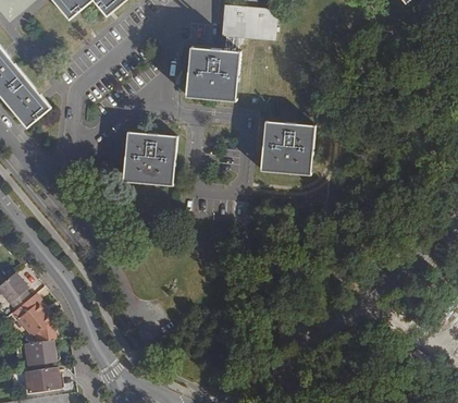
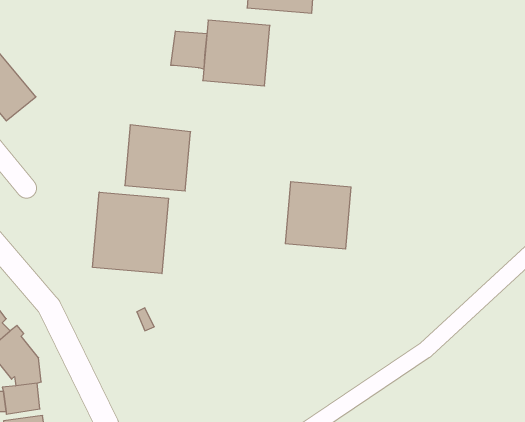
building: none -> [171,31,207,69]
building: [261,120,314,174] -> [285,182,351,249]
building: none -> [93,192,168,274]

